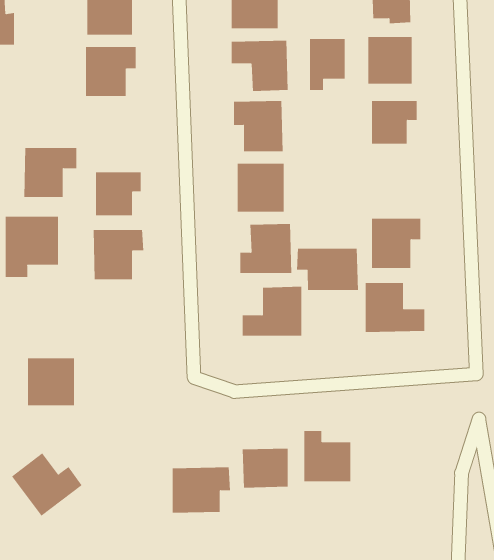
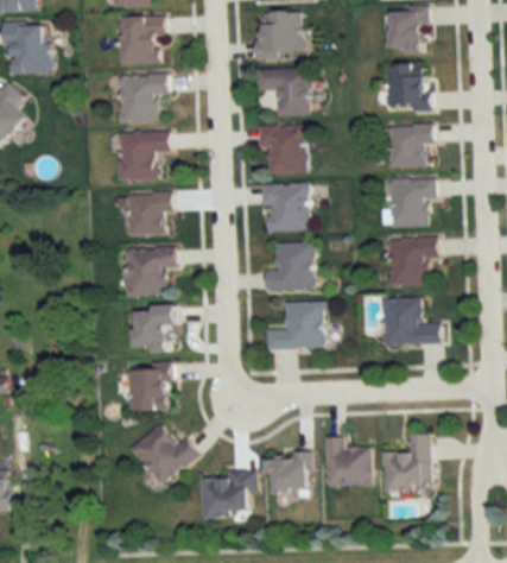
building: [309,38,345,91] -> none
building: [23,147,77,198] -> [119,131,170,178]
building: none -> [391,178,435,226]
building: [5,216,58,278] -> none
building: [297,248,358,291] -> none
building: none -> [132,304,177,348]
building: [27,358,75,406] -> [127,365,172,410]
building: none -> [382,435,431,489]
building: [11,453,82,517] -> [131,424,198,485]

